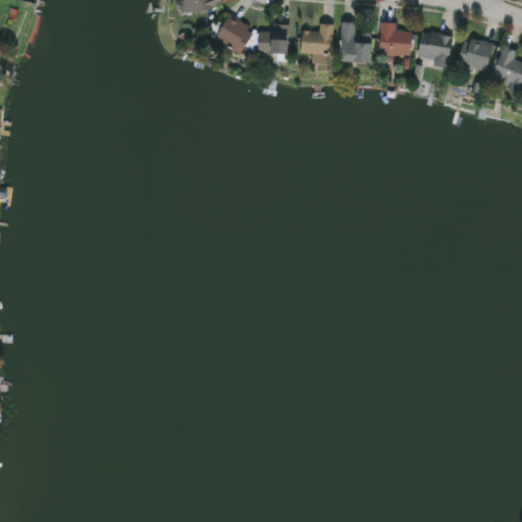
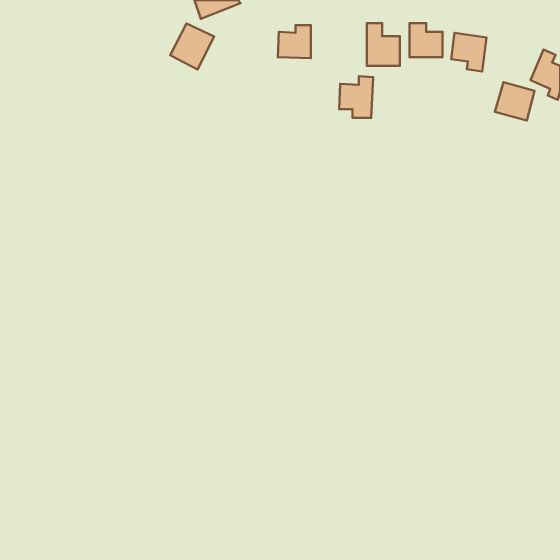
building: [212,16,253,59] -> [170,23,214,69]
building: [301,23,332,62] -> [339,76,373,118]
building: [457,37,493,72] -> [495,82,534,121]

